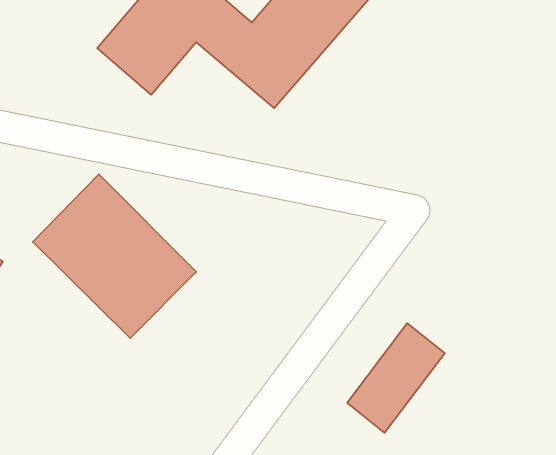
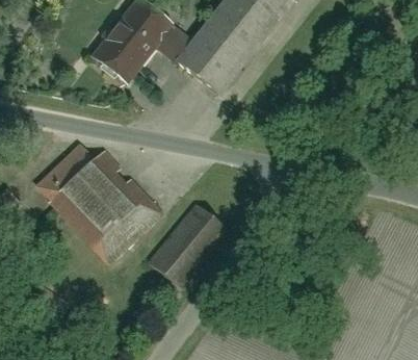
building: [347,323,445,433] -> [152,205,219,281]

